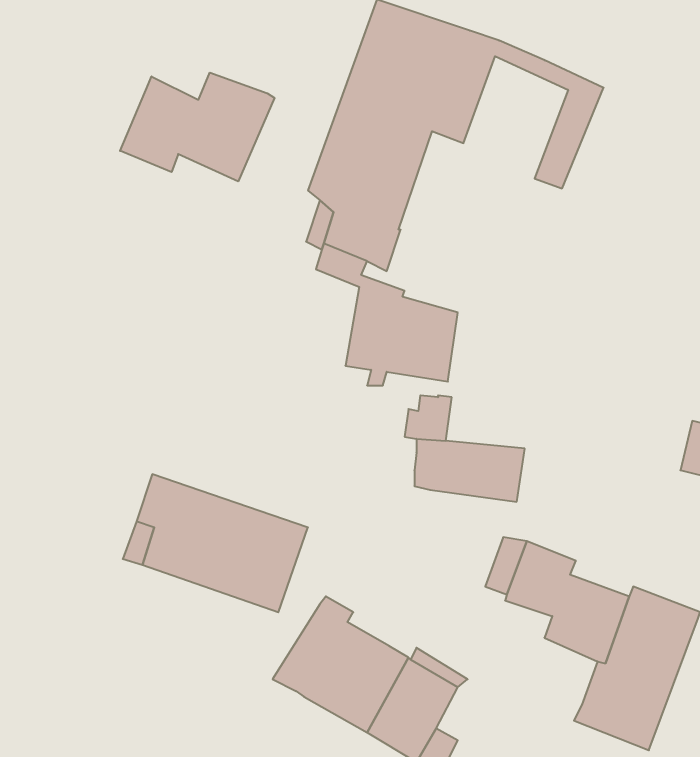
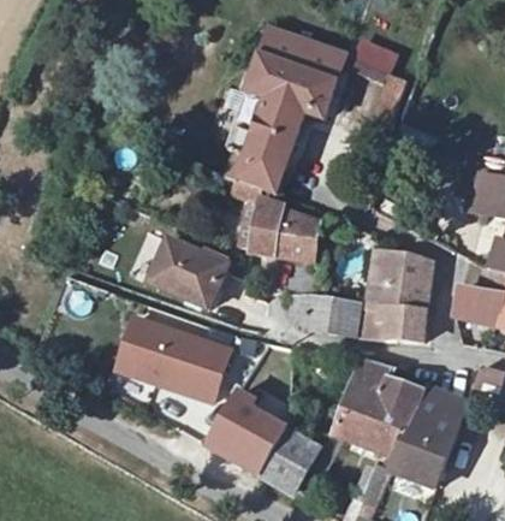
building: [120,73,274,181] -> none
building: none -> [149,237,226,306]
building: none -> [361,249,432,338]
building: none -> [333,393,404,457]

